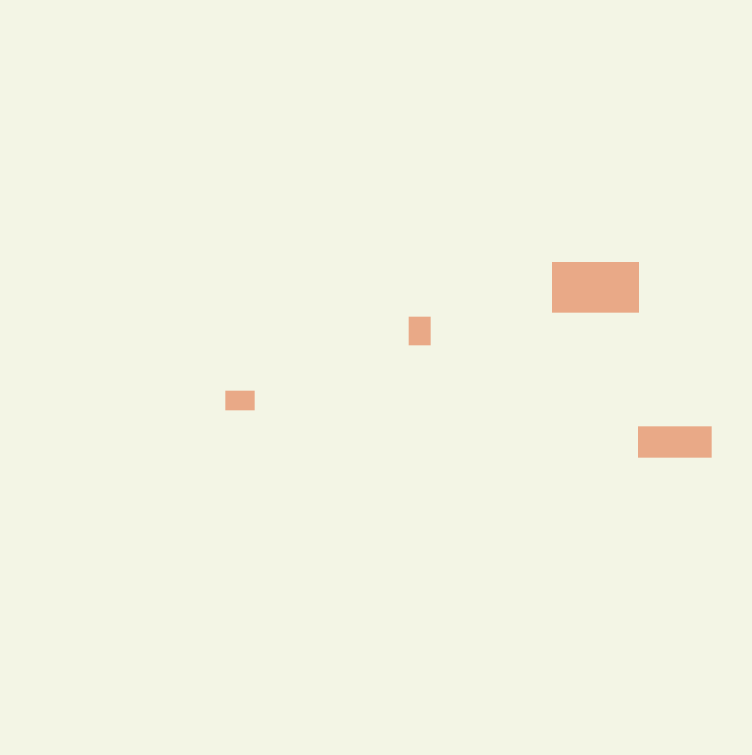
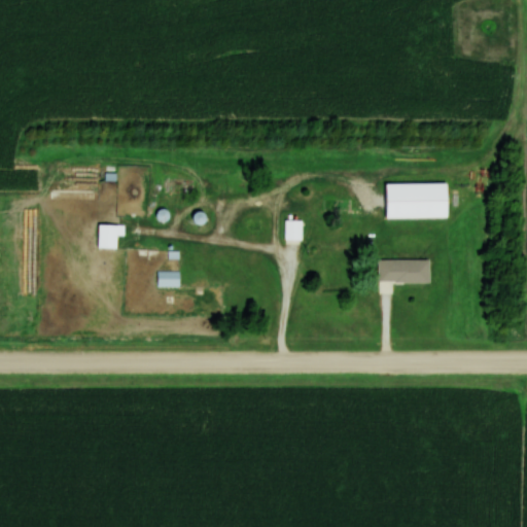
building: none -> [98,224,126,248]
building: [637,426,712,458] -> [378,259,430,282]

